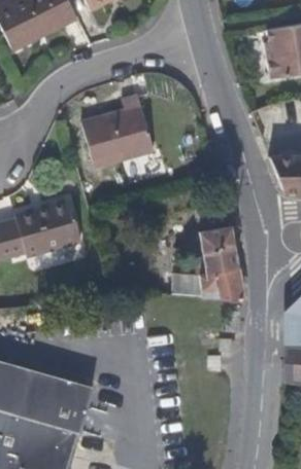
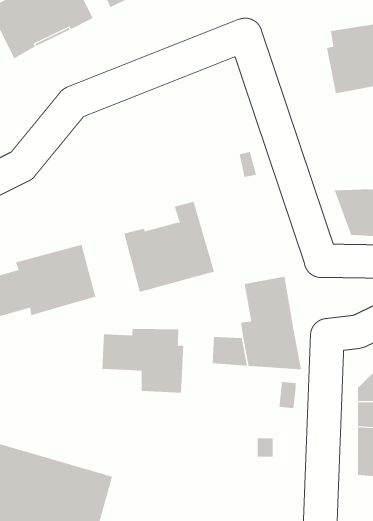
building: [80,95,154,168] -> [124,201,215,292]
building: none -> [102,328,184,393]

